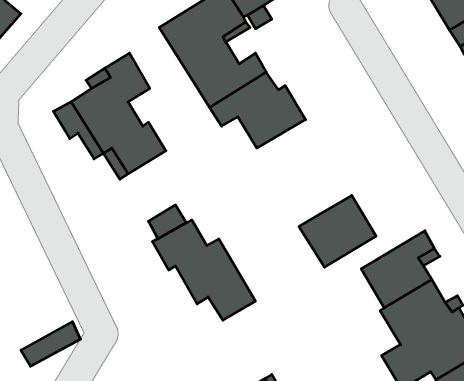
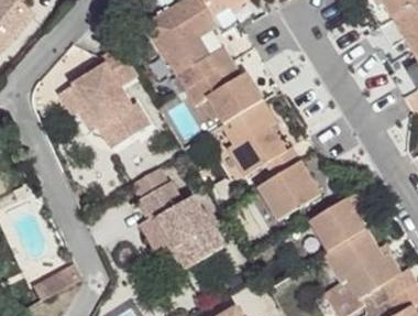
building: none -> [221,99,300,176]
building: none -> [139,217,196,271]

